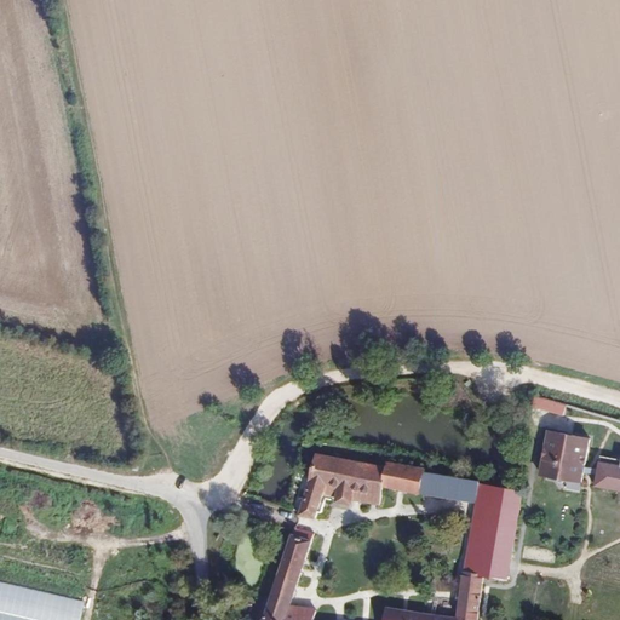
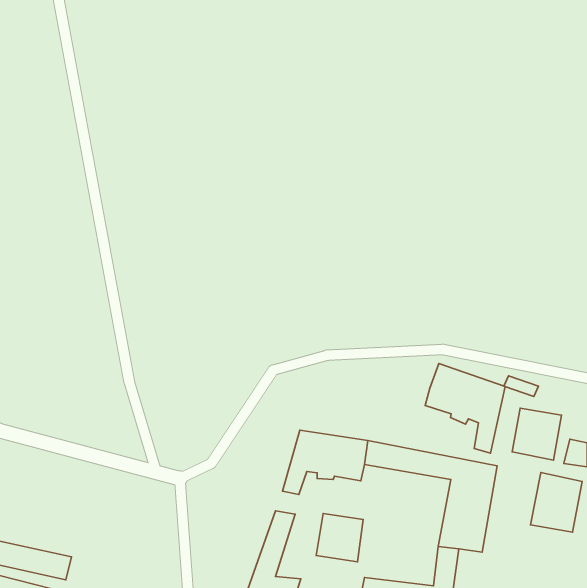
building: none -> [425,364,505,453]
building: none -> [531,473,582,532]
building: none -> [316,513,363,562]

